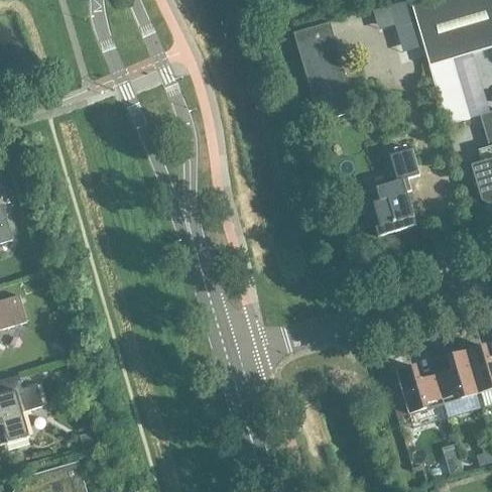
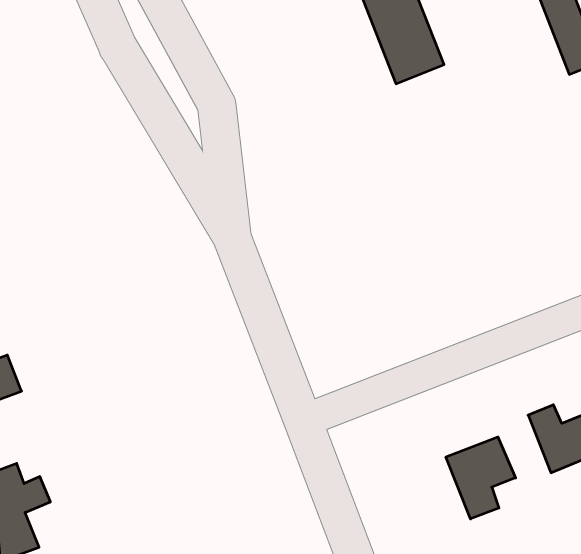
building: [373,142,420,236] -> none
building: none -> [446,437,516,519]

